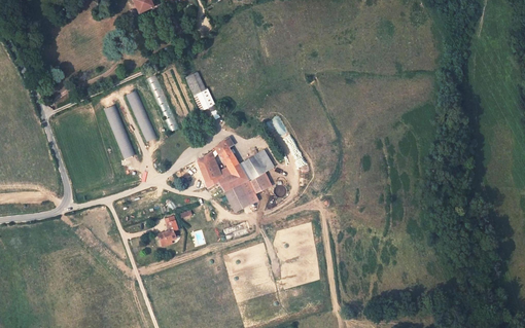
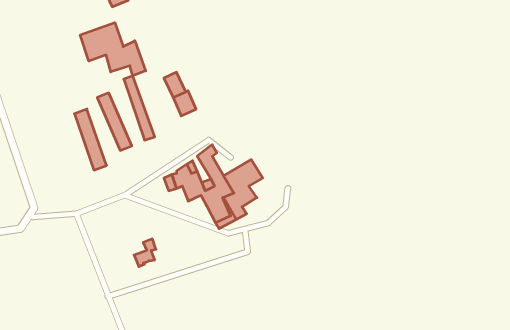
building: none -> [80,23,146,76]

